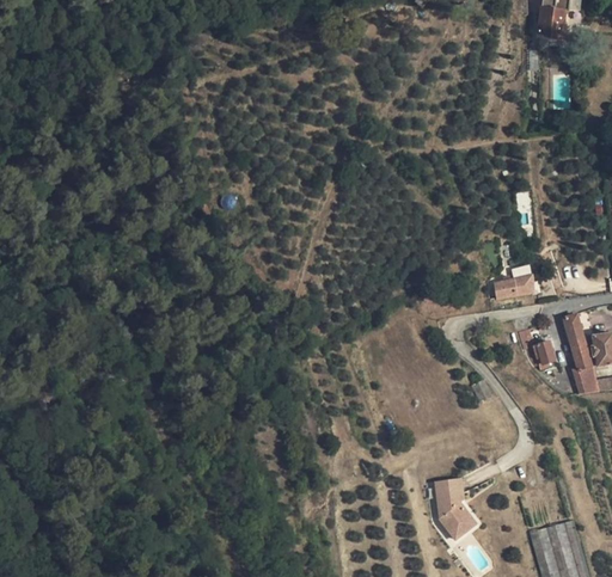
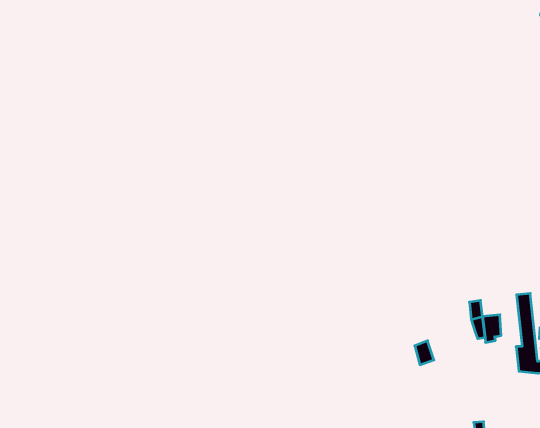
building: [494,274,533,299] -> none

